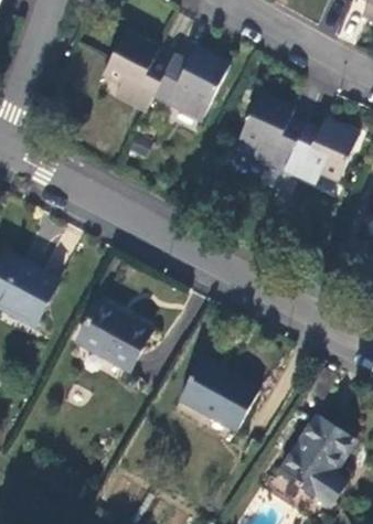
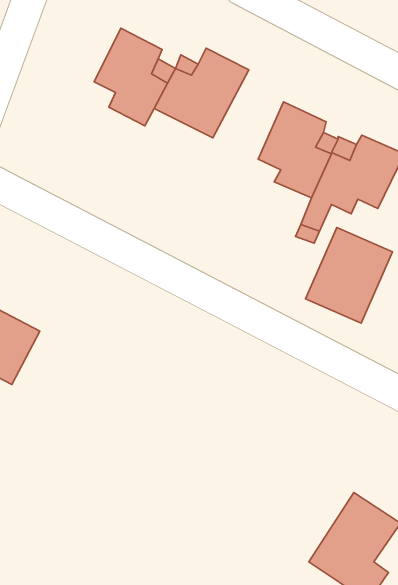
building: none -> [306,228,392,323]
building: [76,302,149,371] -> none
building: [178,360,258,431] -> none

